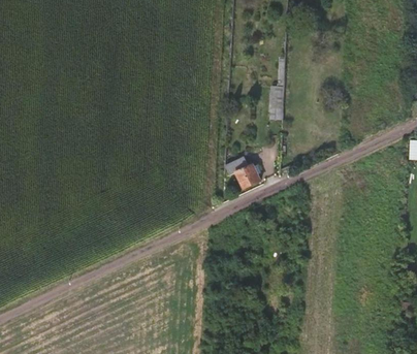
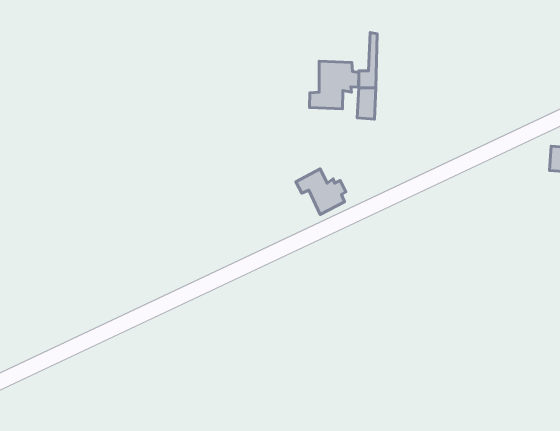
building: none -> [310,61,359,109]

